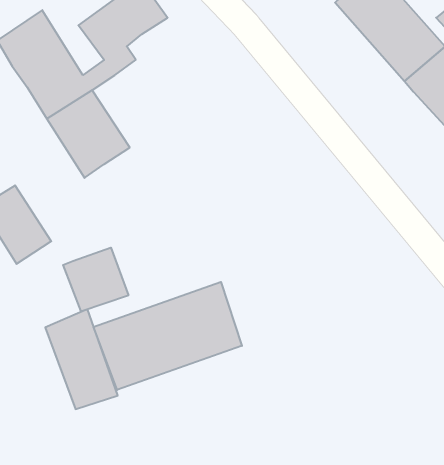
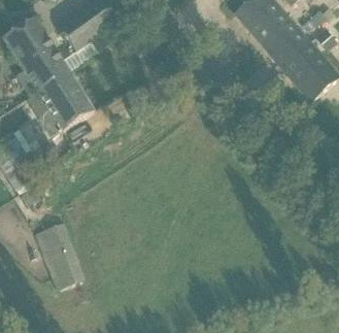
building: [63,248,128,312] -> none
building: [94,282,242,390] -> none

